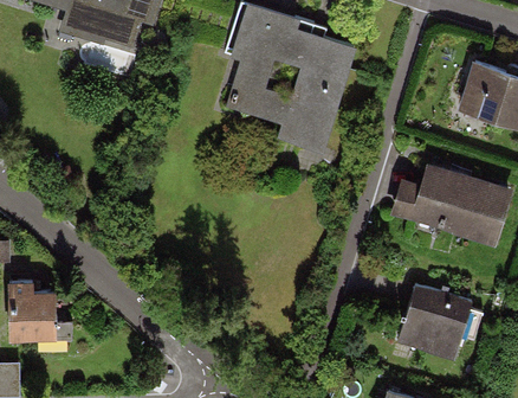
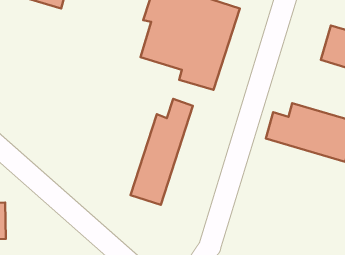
building: none -> [131,99,193,205]
building: [399,285,473,360] -> none

